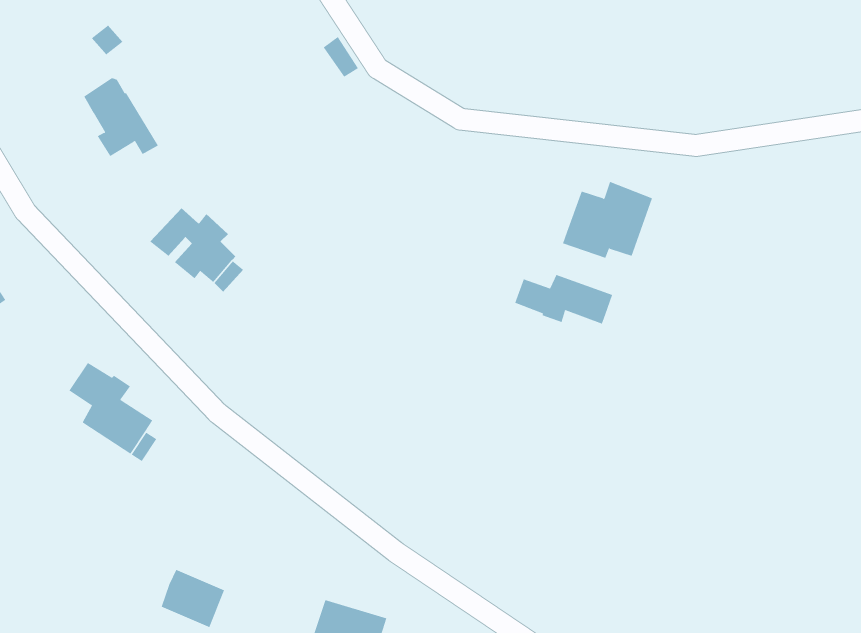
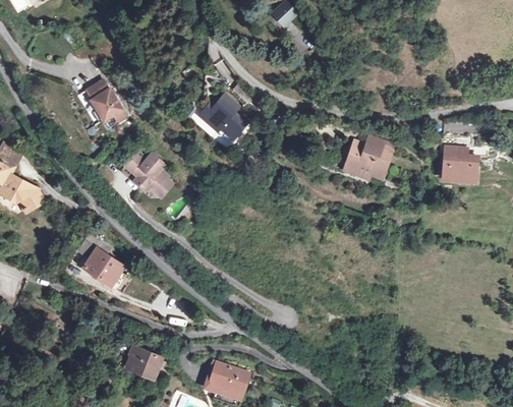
building: none -> [198,95,249,140]
building: none -> [443,147,476,181]
building: [515,274,613,324] -> none

